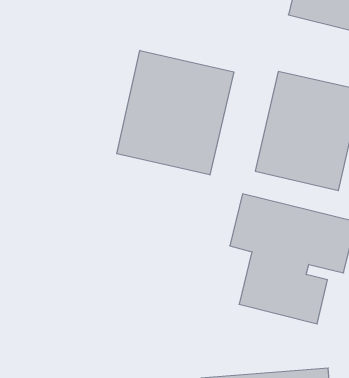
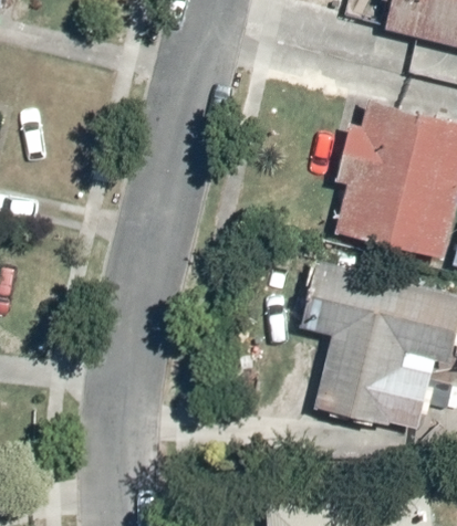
building: [117,50,234,175] -> none

